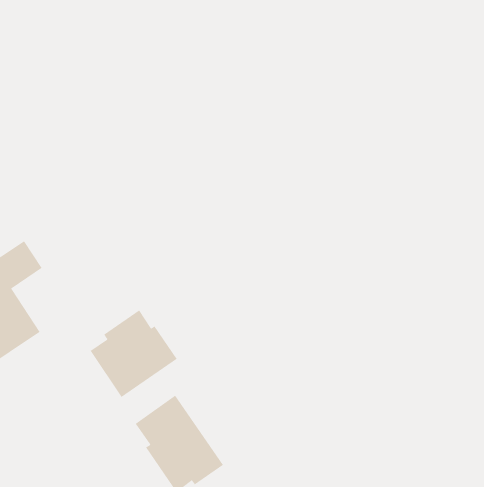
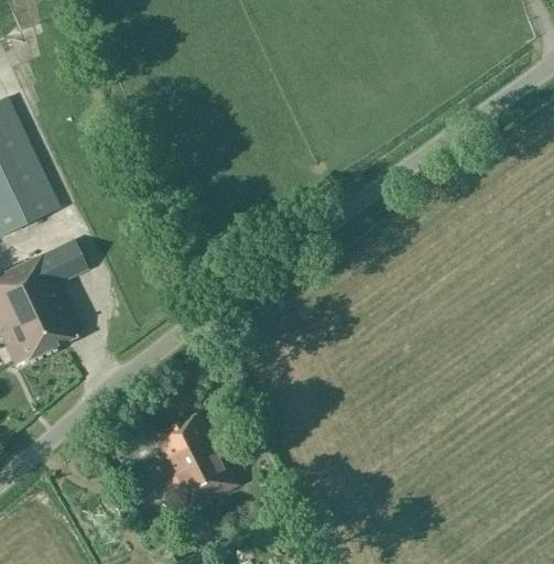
building: [90,309,177,398] -> none

